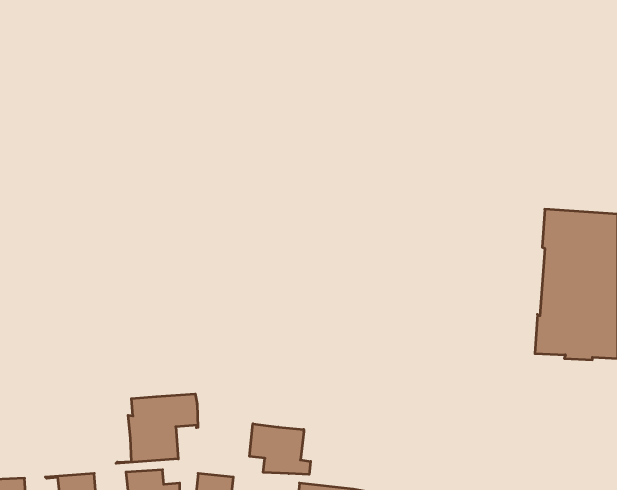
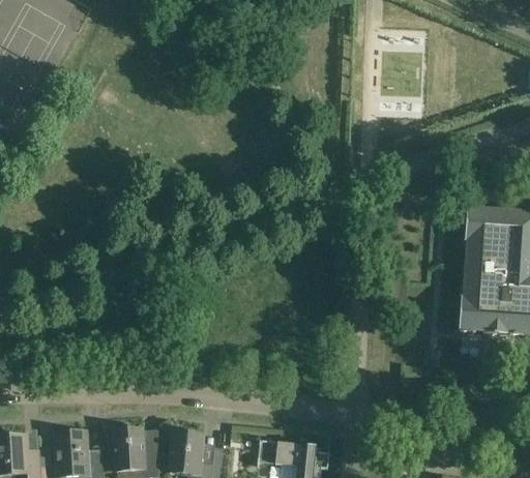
building: [116,394,198,463] -> none
building: [250,424,311,474] -> none

